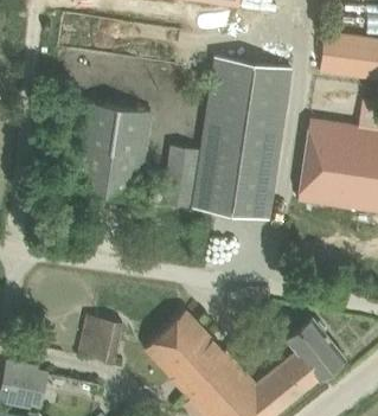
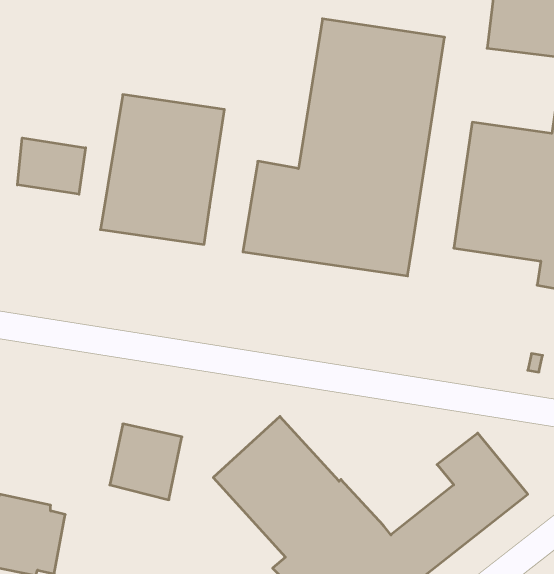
building: none -> [17,138,86,194]

